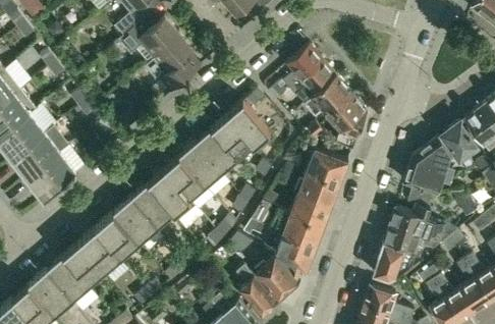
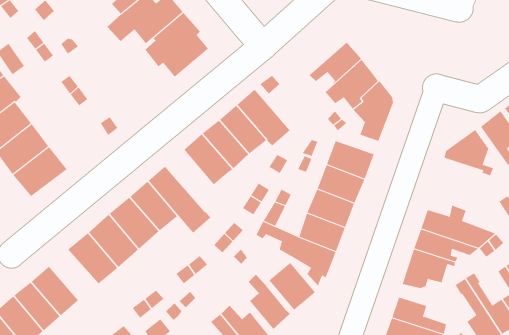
building: [271,45,324,99] -> none
building: [163,156,214,211] -> none
building: [403,163,451,202] -> none
building: [60,245,104,289] -> none

